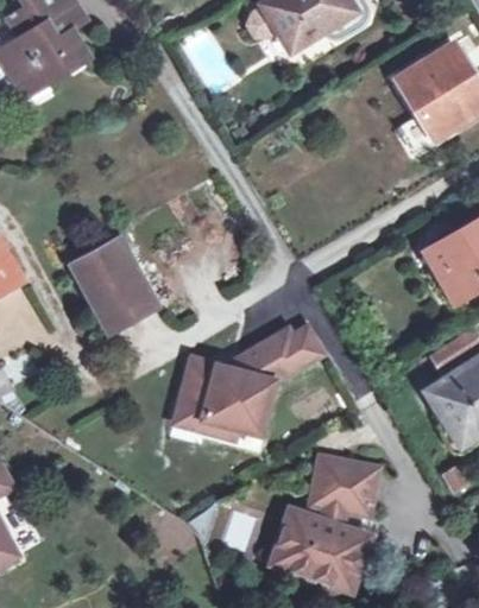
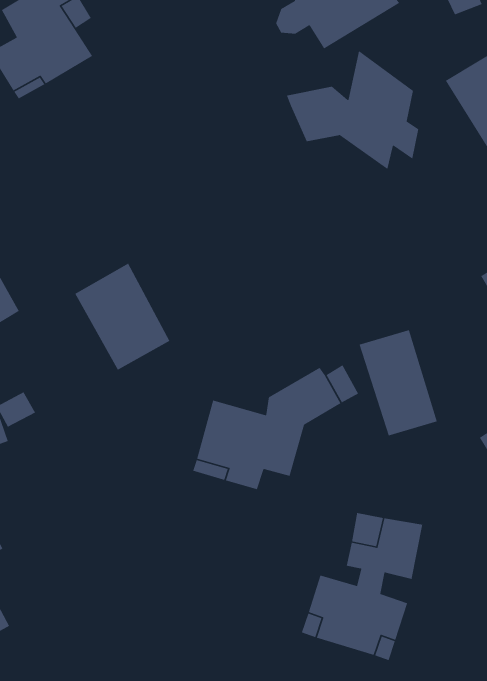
building: none -> [286,50,419,170]
building: none -> [358,329,438,437]

